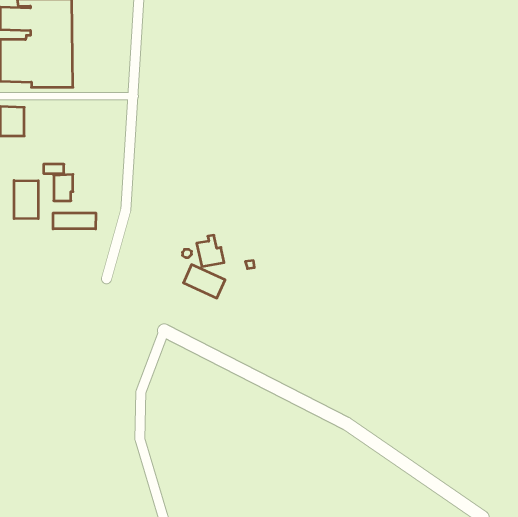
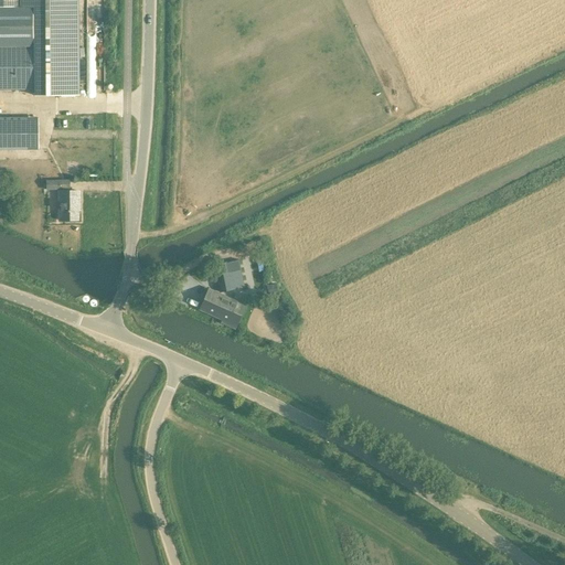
building: [14,180,38,219] -> none
building: [53,213,96,229] -> none

